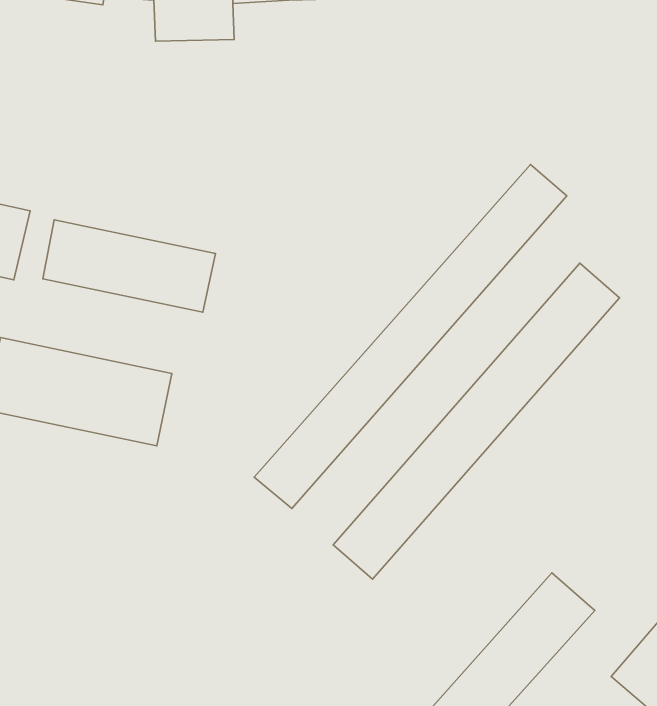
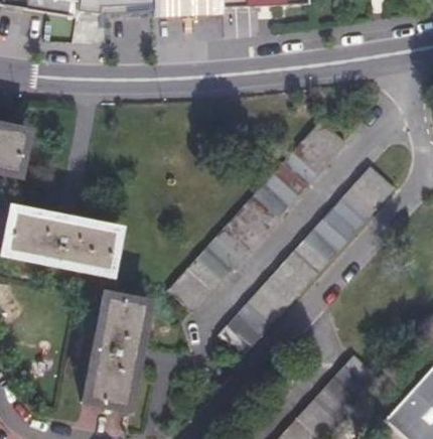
building: [43,220,215,312] -> none
building: none -> [80,301,146,417]

